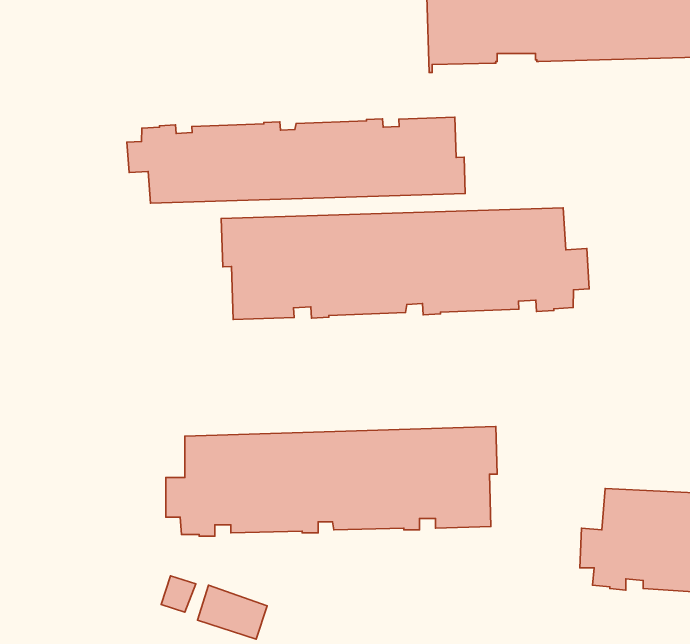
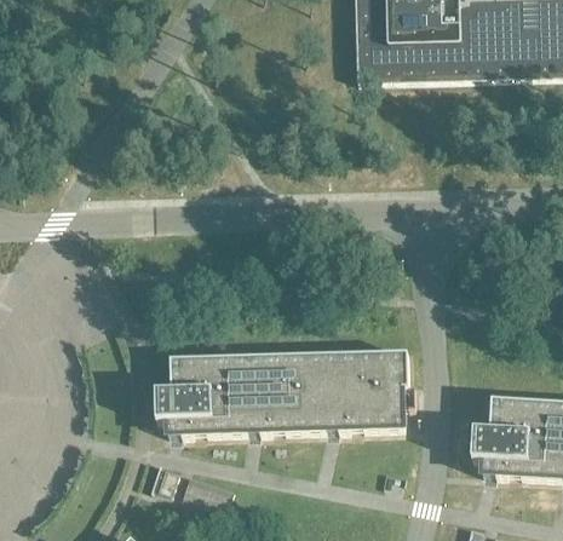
building: [127,117,465,203] -> none
building: [221,208,589,320] -> none

